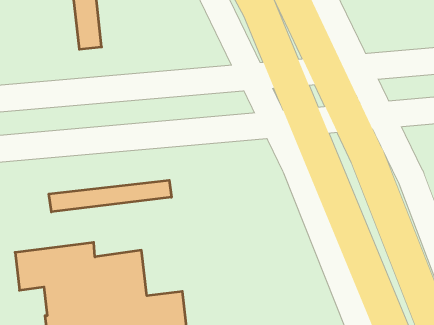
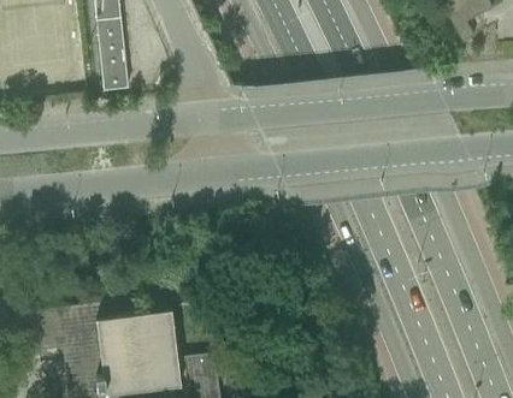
building: [49,180,171,212] -> none

